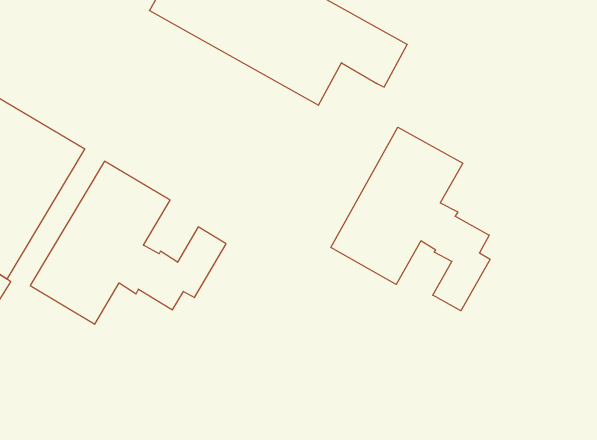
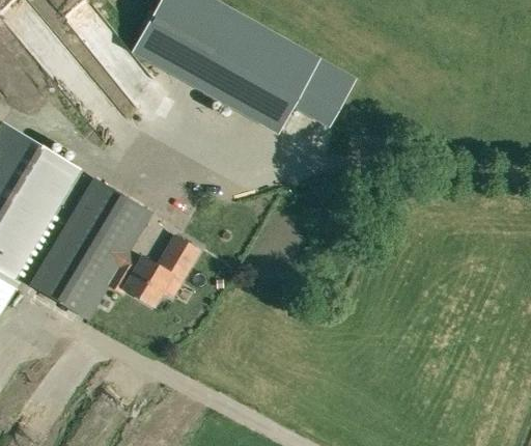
building: [331,127,490,311] -> none

